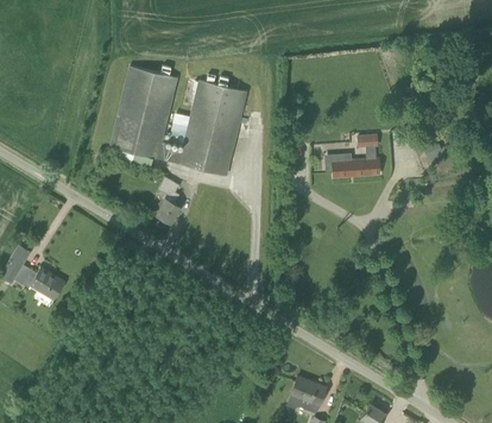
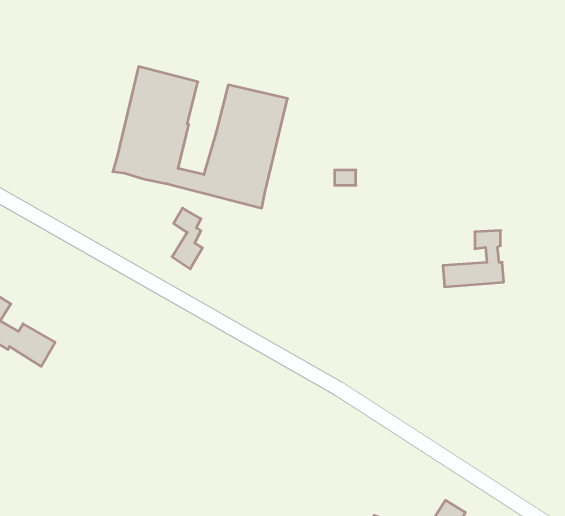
building: [332,133,379,177] -> [443,230,504,287]
building: [285,375,326,411] -> none

